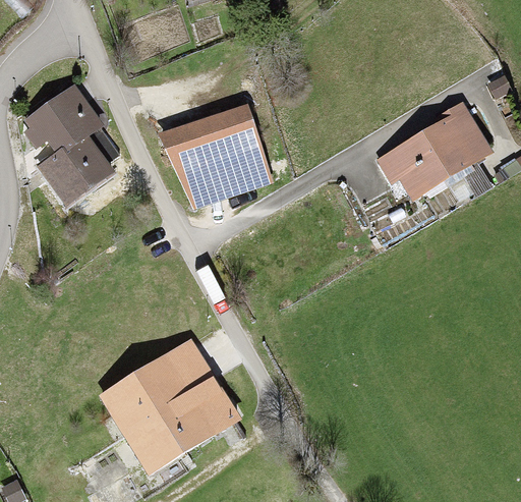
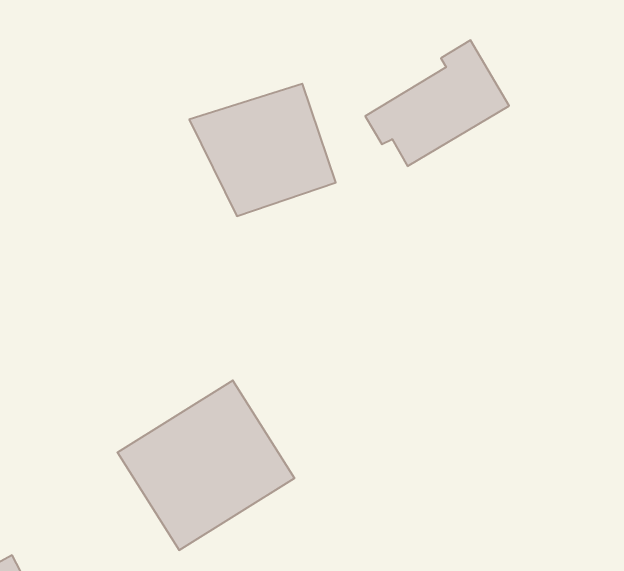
building: [24,92,122,201] -> none
building: [378,101,491,201] -> [365,40,509,166]

